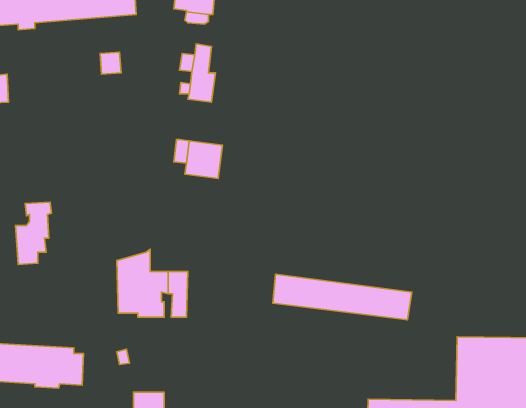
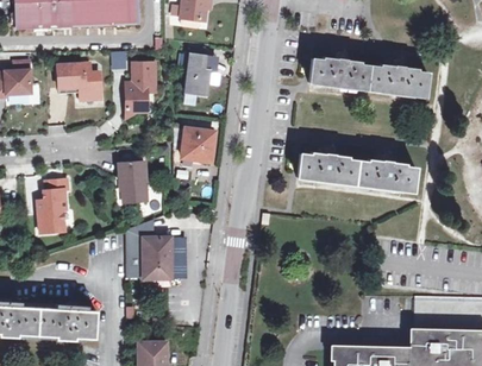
building: none -> [308,57,426,96]
building: none -> [130,62,159,118]
building: none -> [56,63,99,100]
building: none -> [117,162,146,202]
building: [273,274,412,320] -> [296,152,415,191]

